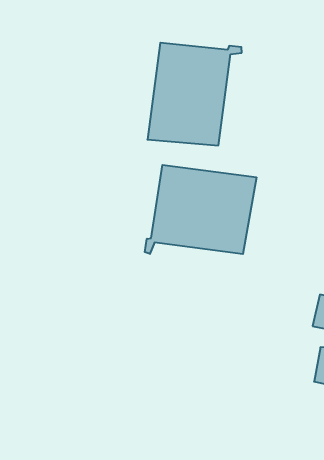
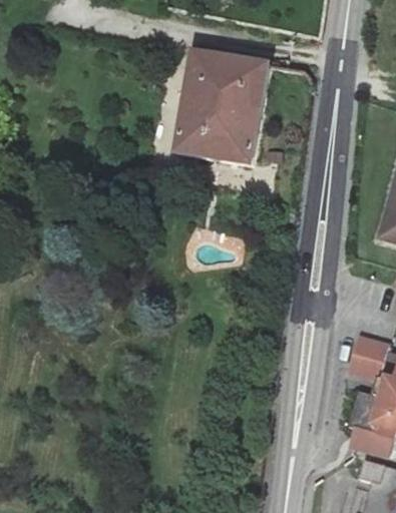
building: [145,165,256,254] -> none

